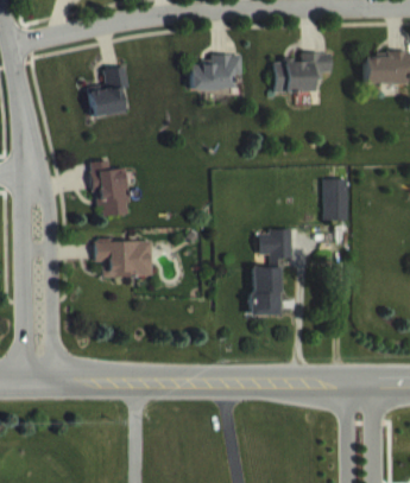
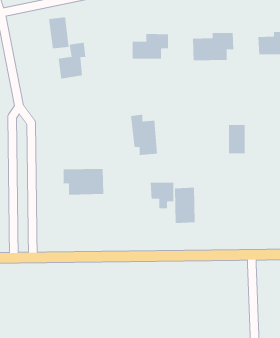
building: none -> [48,17,69,49]
building: [90,159,128,216] -> [130,114,158,155]
building: [257,230,290,267] -> [150,182,174,209]

